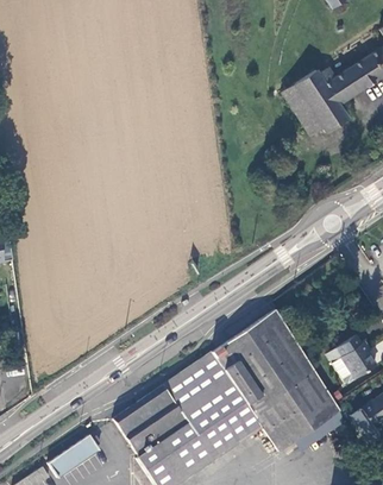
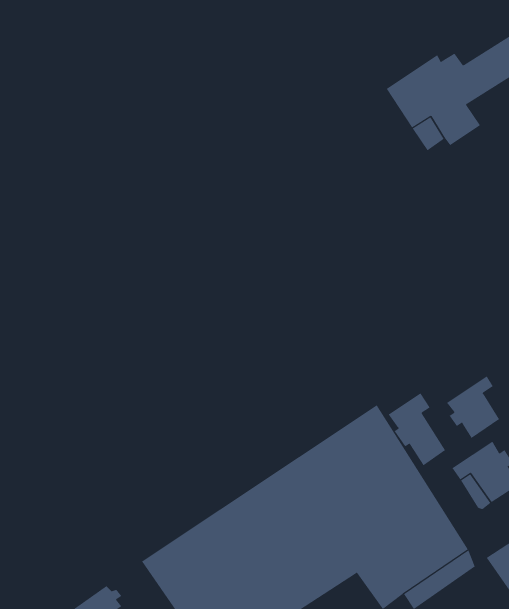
building: none -> [446,376,500,439]
building: none -> [388,392,446,466]

